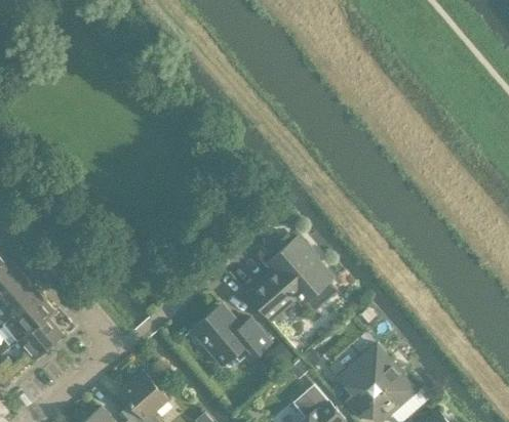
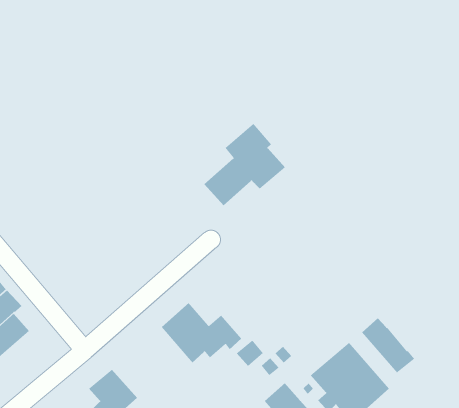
building: [248,236,329,318] -> [204,123,286,206]
building: none -> [361,317,415,373]

